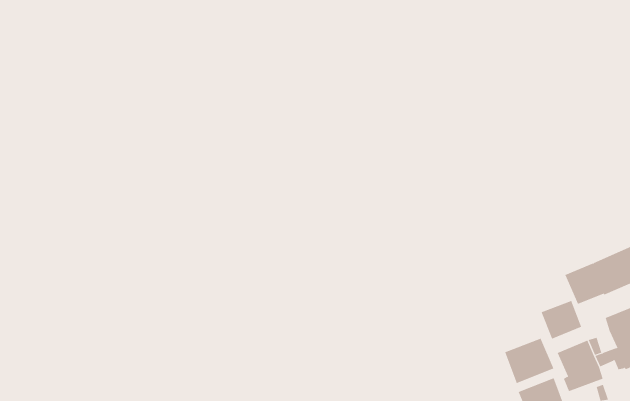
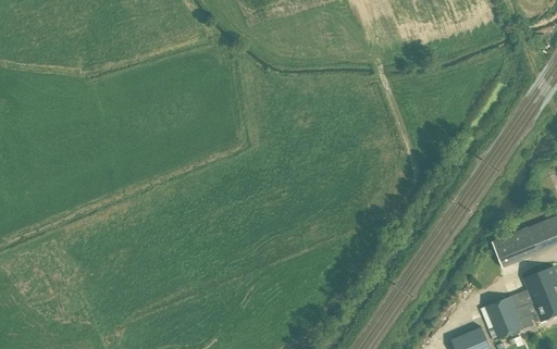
building: [541,300,582,339] -> none
building: [504,338,554,384] -> none

